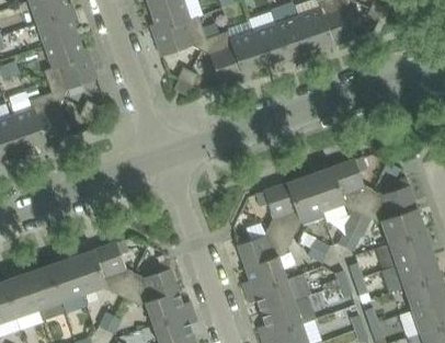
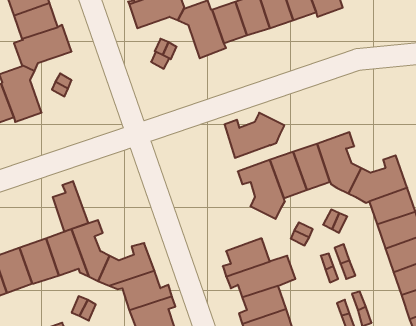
building: none -> [53,181,88,232]
building: [235,226,292,268] -> [224,113,284,158]

